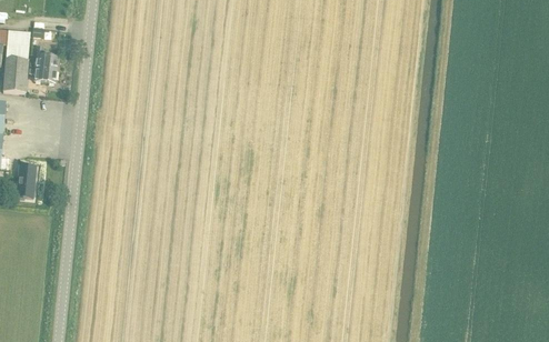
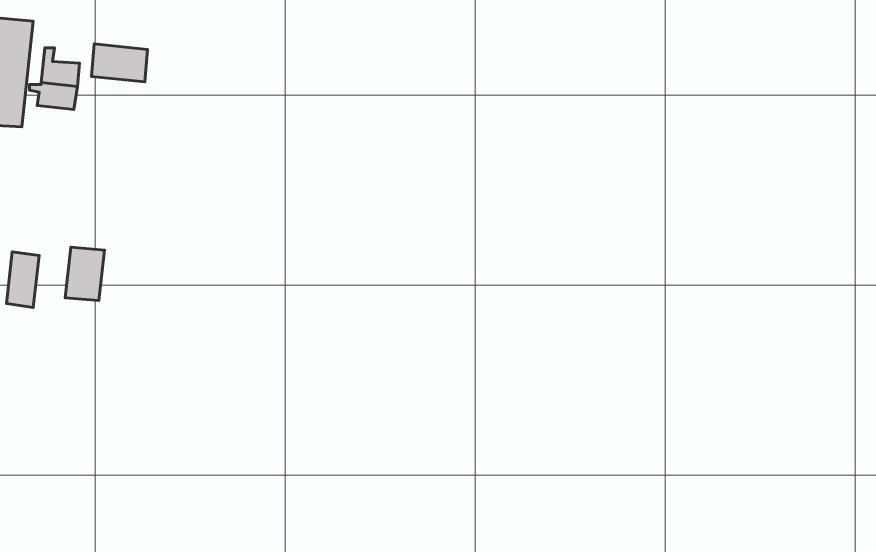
building: none -> [92,44,147,82]
building: none -> [65,247,104,301]

